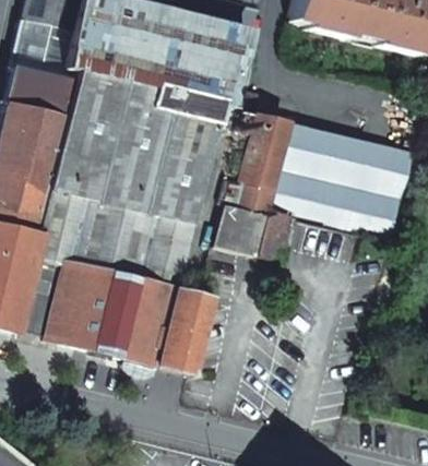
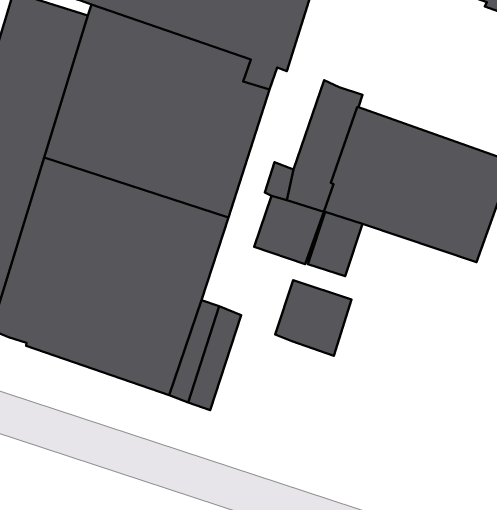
building: none -> [275,280,351,356]

